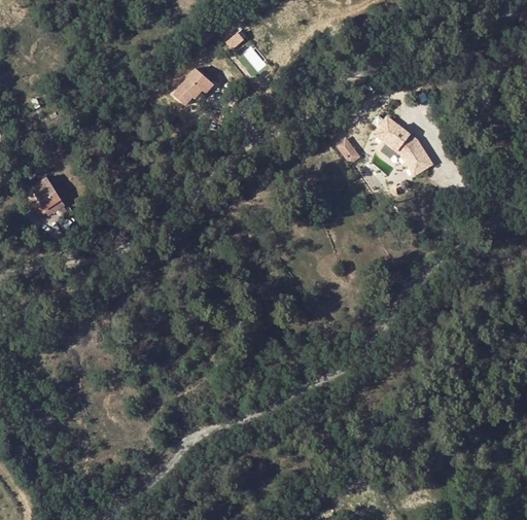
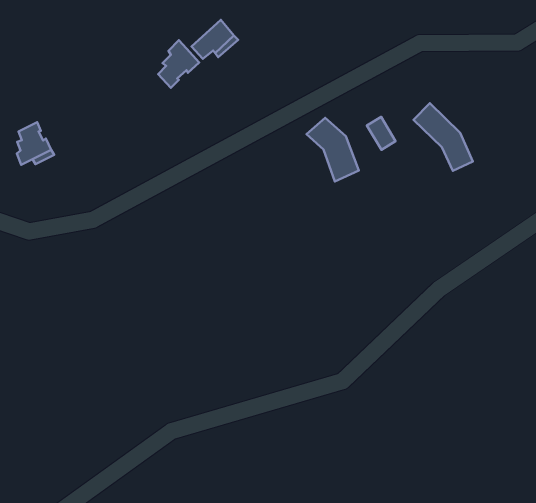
building: none -> [158,40,199,88]
building: none -> [307,118,359,181]

